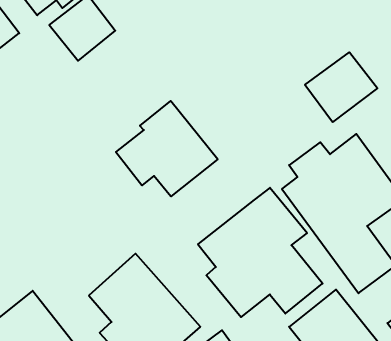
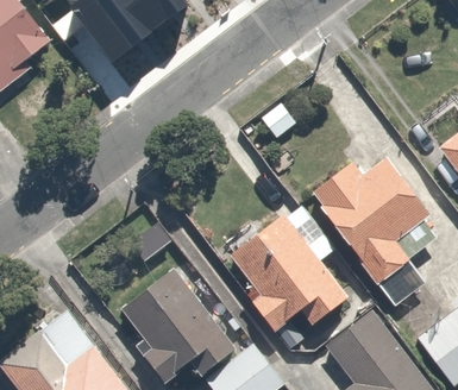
building: [305,52,377,122] -> none
building: [116,101,218,196] -> none

